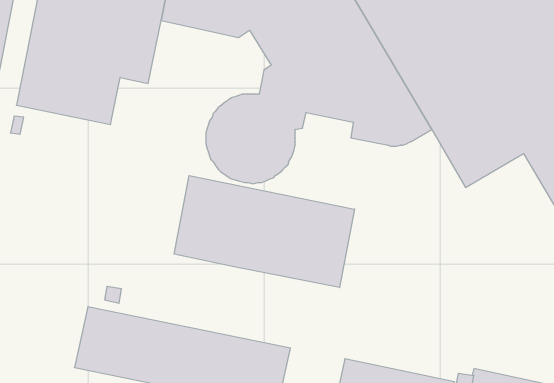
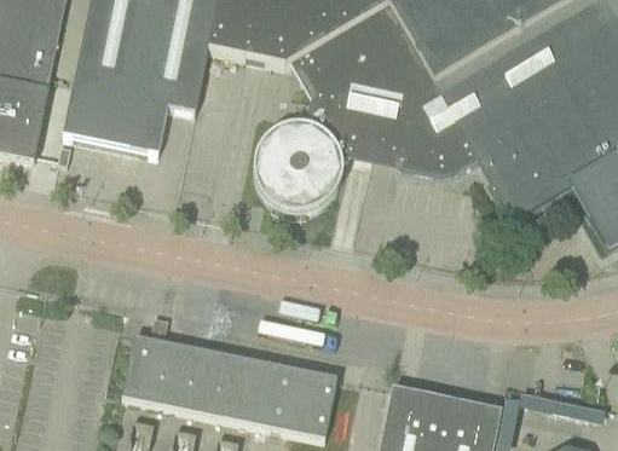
building: [174,176,355,288] -> none

